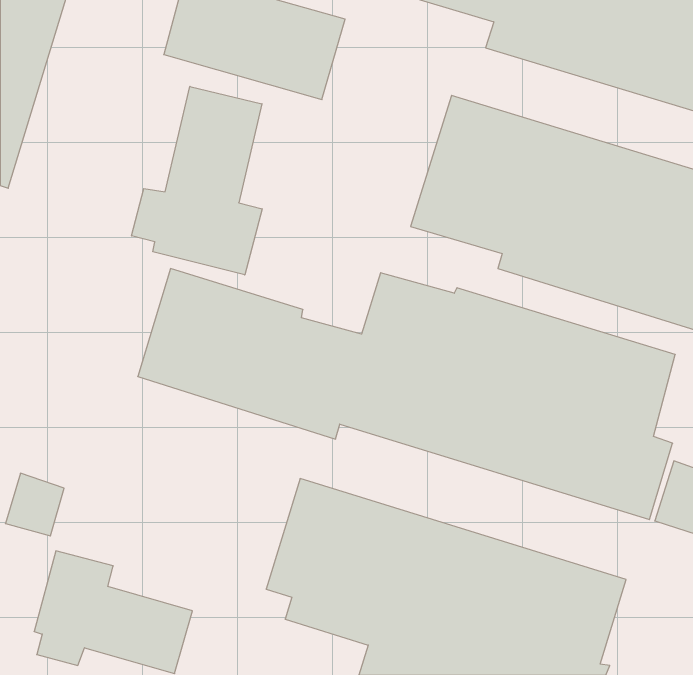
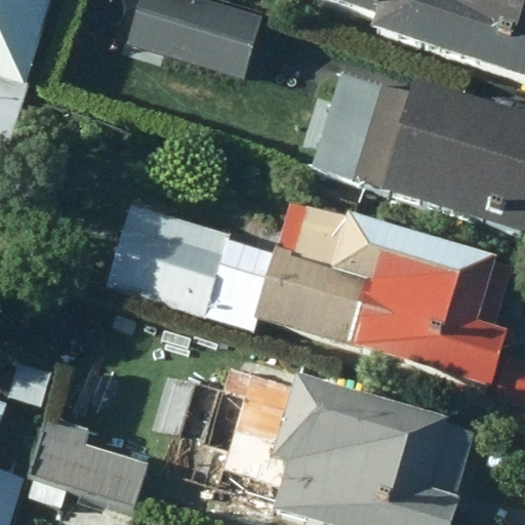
building: [132,86,262,275] -> none

